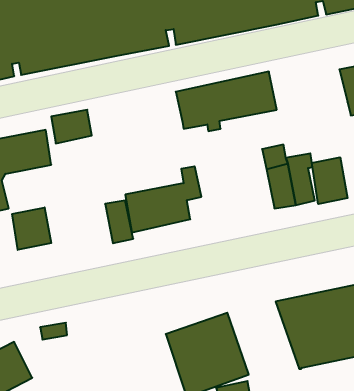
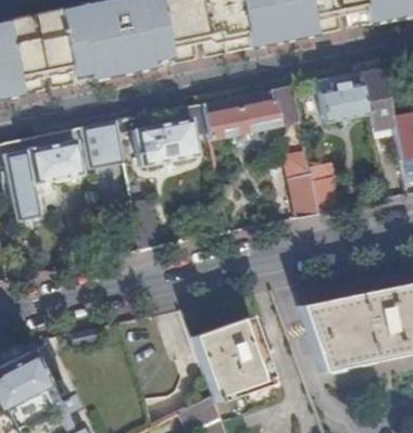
building: none -> [320,69,371,120]
building: [312,157,348,204] -> none
building: [125,166,201,233] -> [137,102,211,166]
building: [12,207,51,250] -> none

